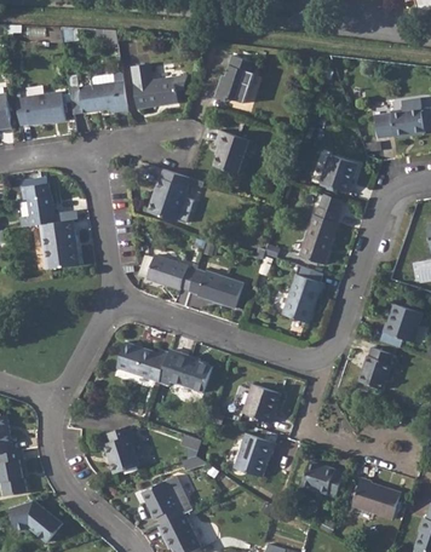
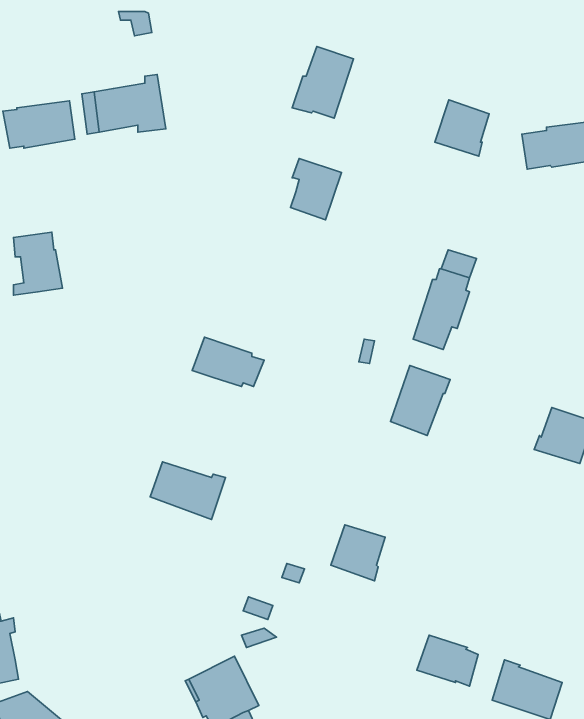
building: [132,64,189,109] -> none
building: [318,155,356,194] -> [435,100,489,156]
building: [151,168,189,220] -> none
building: [40,219,79,269] -> none
building: [189,270,245,309] -> none
building: [358,347,393,390] -> none
building: [160,349,213,392] -> none
building: [104,425,148,473] -> none
building: [234,433,276,477] -> none

